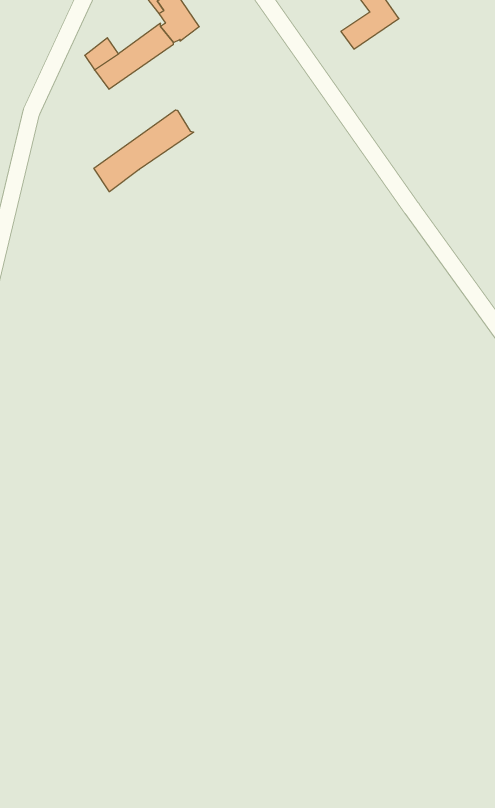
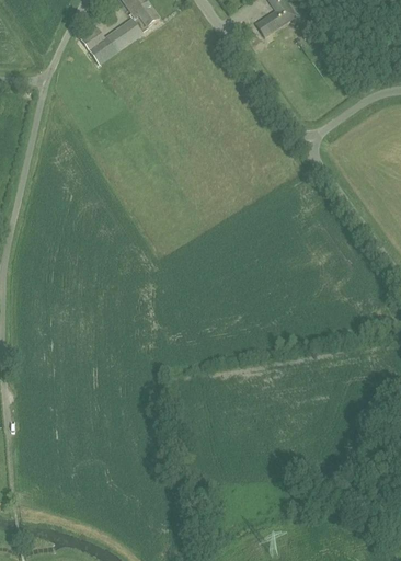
building: [94,110,194,192] -> none

